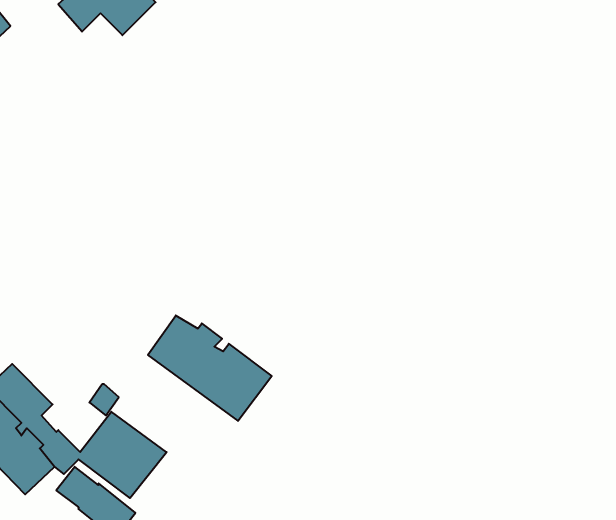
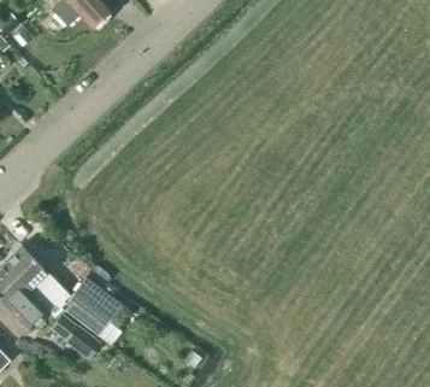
building: [148,315,272,421] -> none

